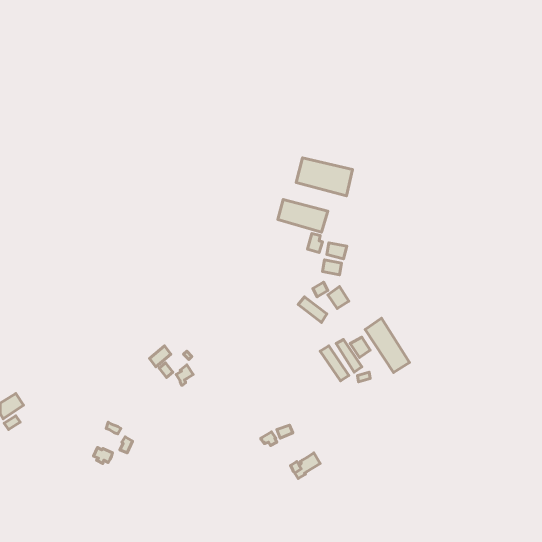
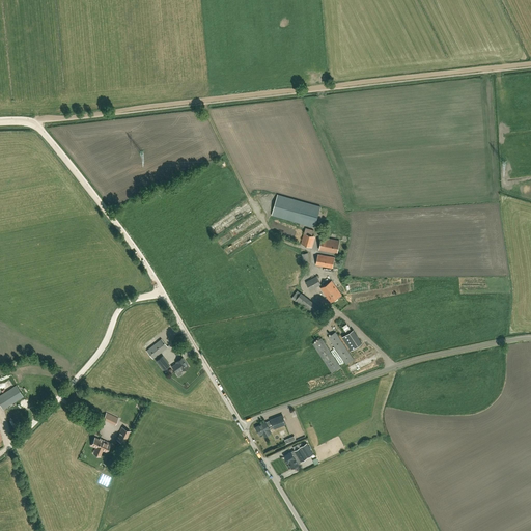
building: [296,158,353,196] -> none
building: [365,318,409,373] -> none

